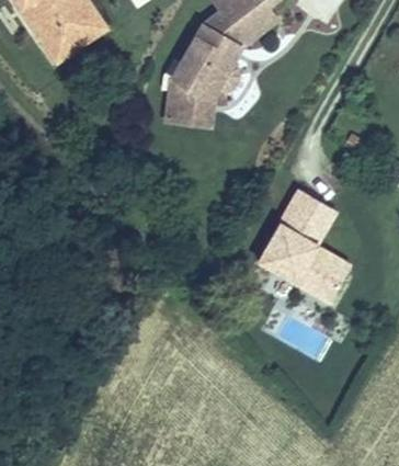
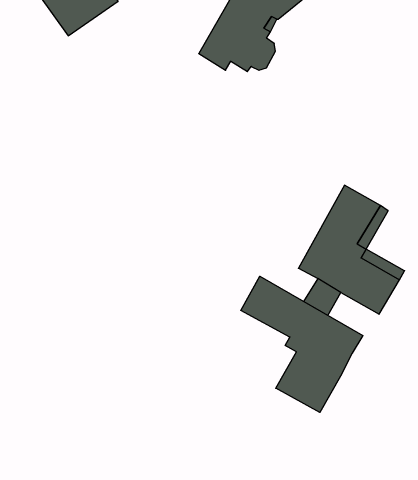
building: [167,77,214,125] -> none
building: none -> [241,276,363,412]

